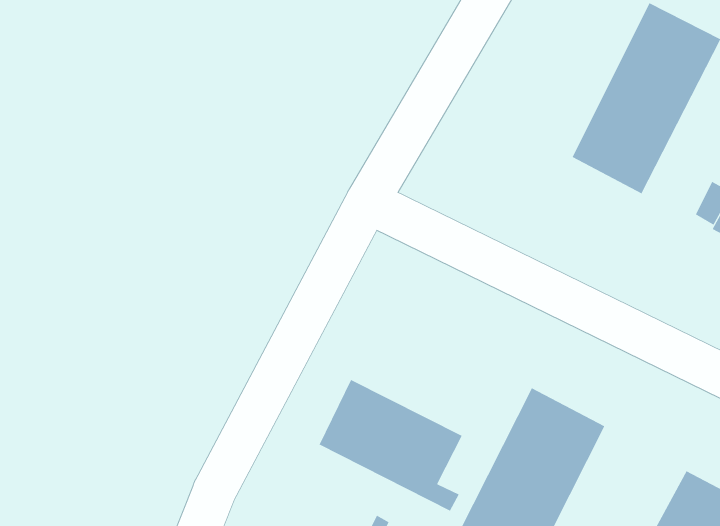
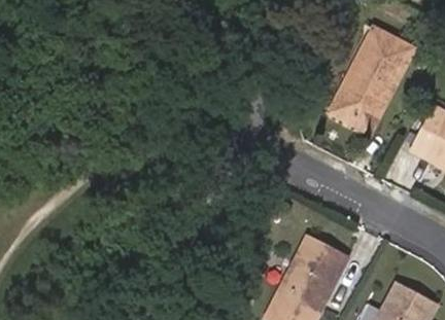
building: [319,379,463,511] -> none

